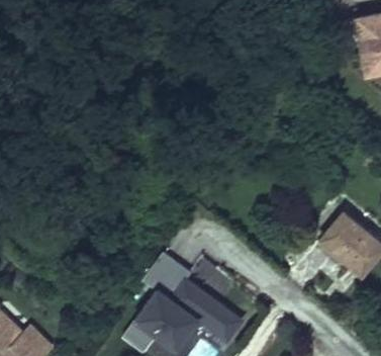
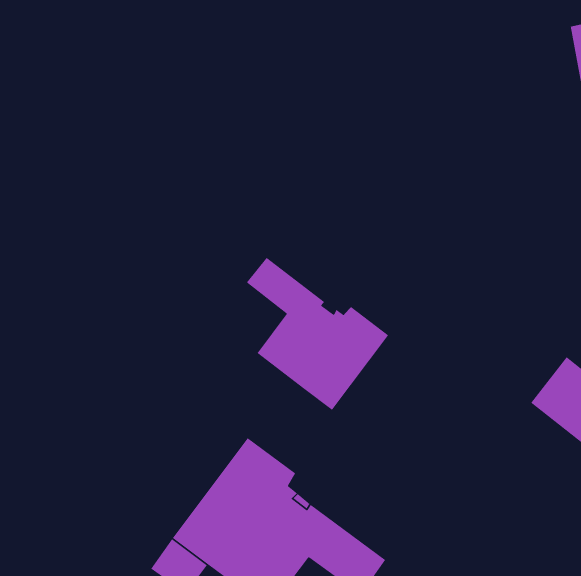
building: none -> [246,257,389,411]

